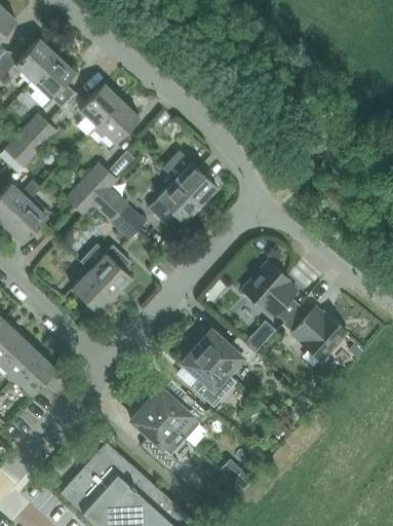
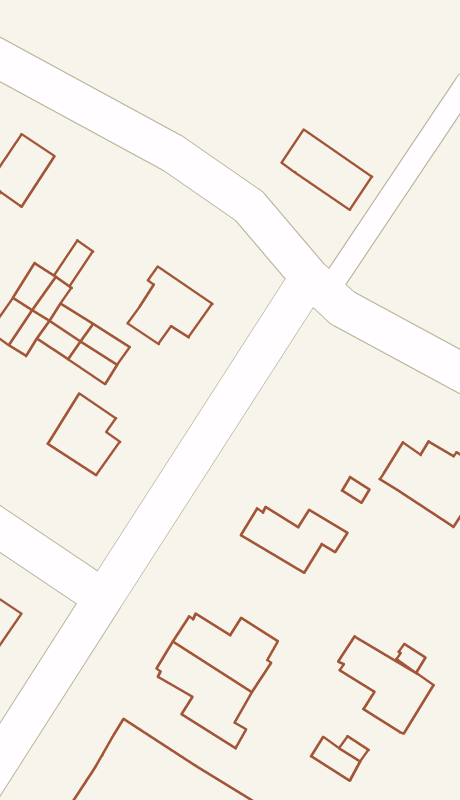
building: [92,101,139,144] -> none
building: [164,152,217,204] -> [282,130,372,210]
building: [242,262,300,323] -> none
building: [71,268,114,313] -> none
building: [182,345,236,408] -> [338,636,434,733]

